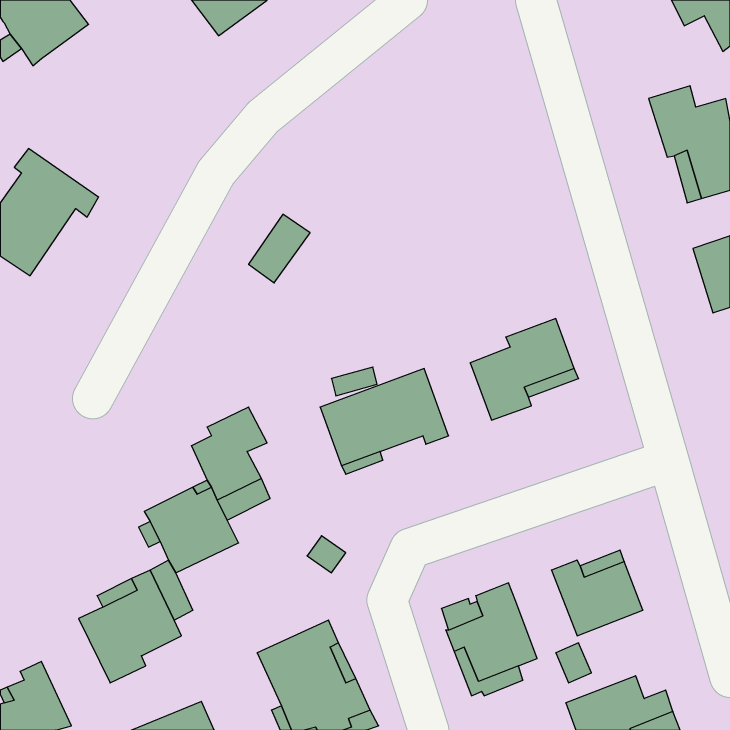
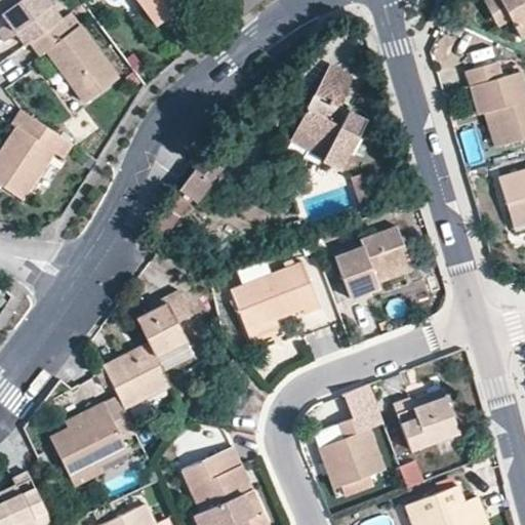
building: none -> [30,17,118,102]
building: none -> [289,65,365,168]
building: none -> [342,389,385,432]

